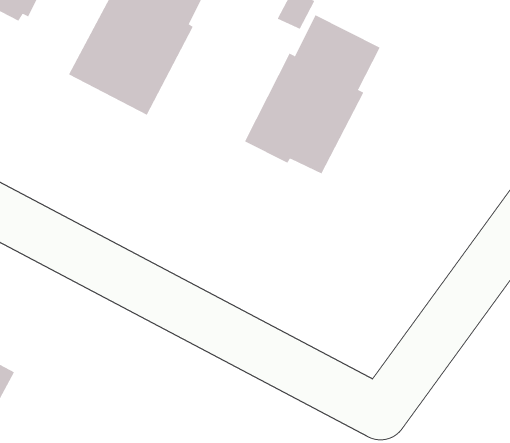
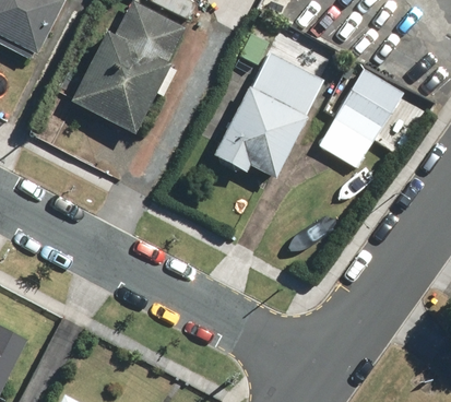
building: none -> [318,70,403,167]

